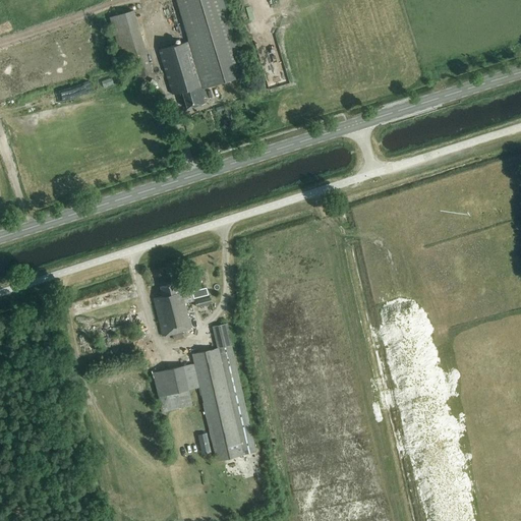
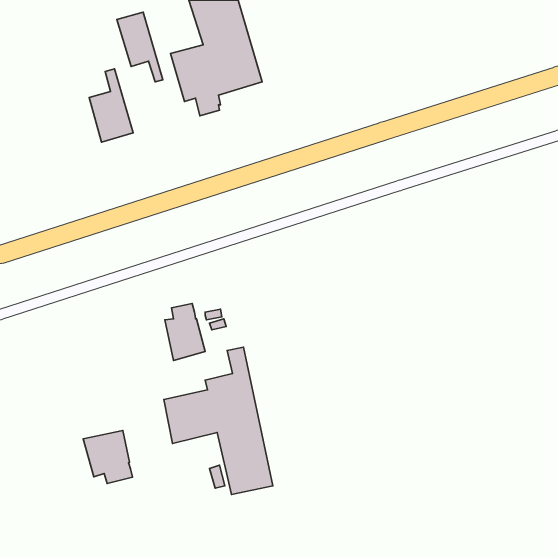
building: none -> [89,69,133,142]
building: none -> [83,431,132,484]

